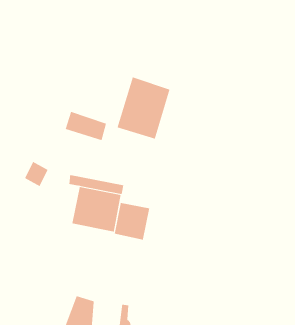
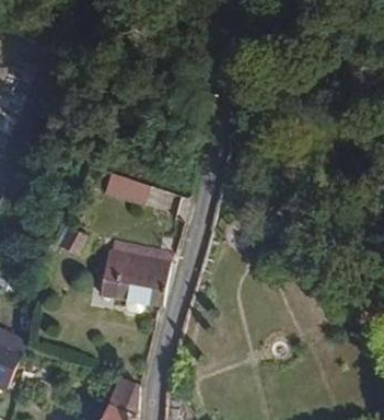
building: [117,77,170,139] -> none
building: [114,202,150,241] -> none

